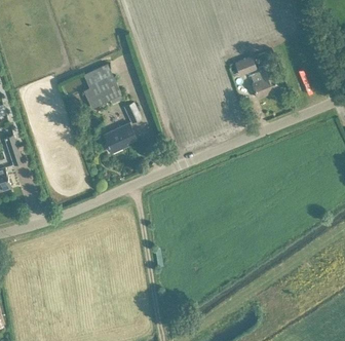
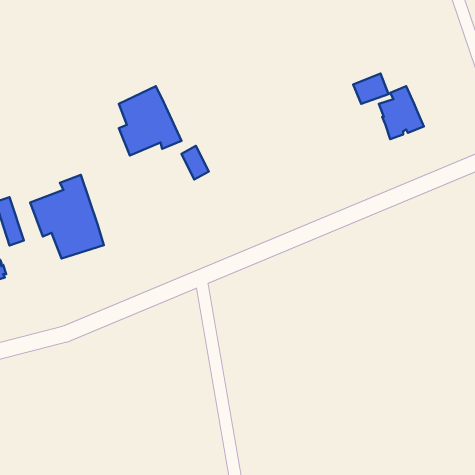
building: none -> [30,175,104,259]
building: [104,123,136,153] -> none

